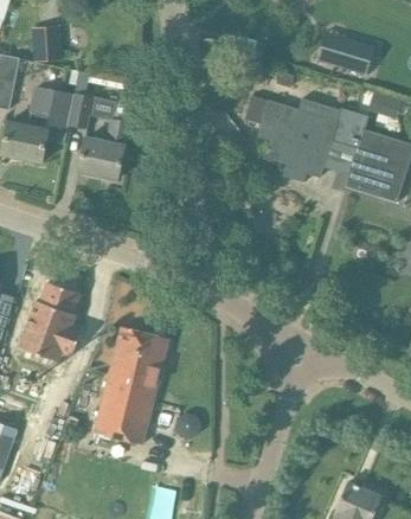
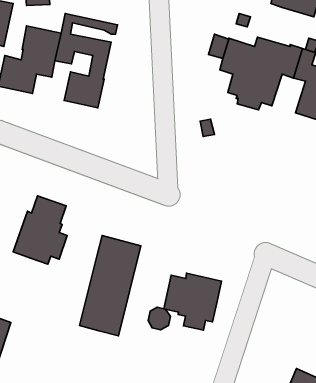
building: none -> [164,273,222,330]

